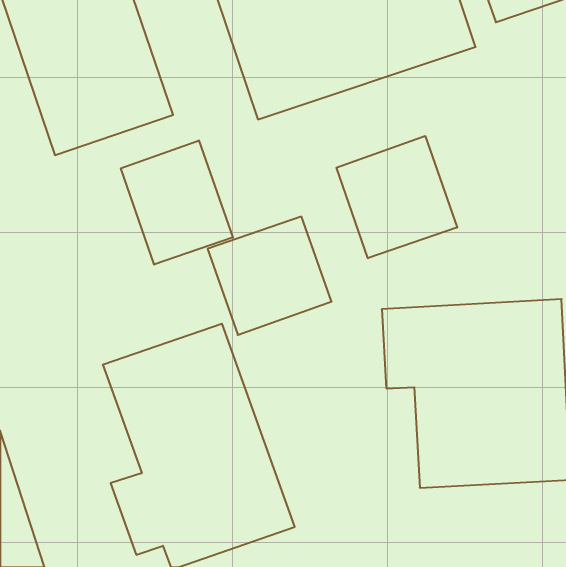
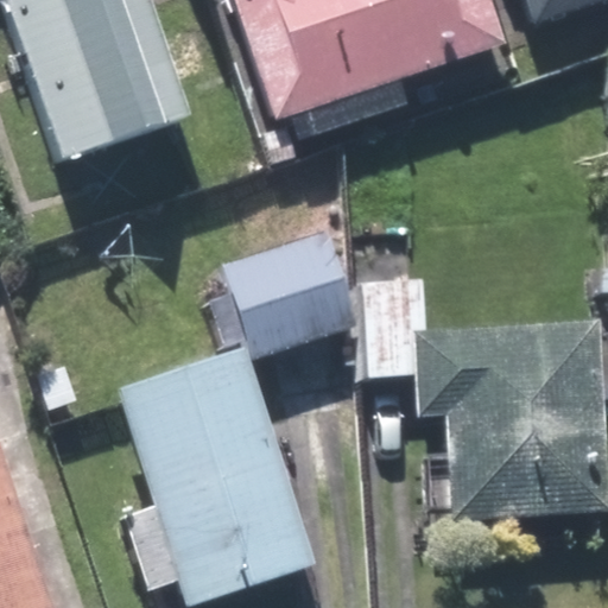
building: [336,136,457,258] -> none
building: [121,140,233,265] -> none

